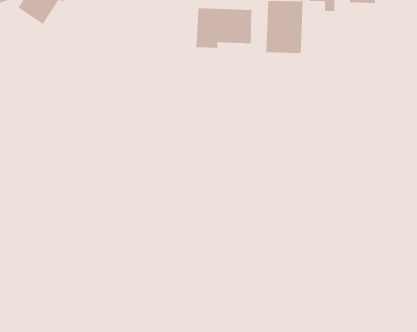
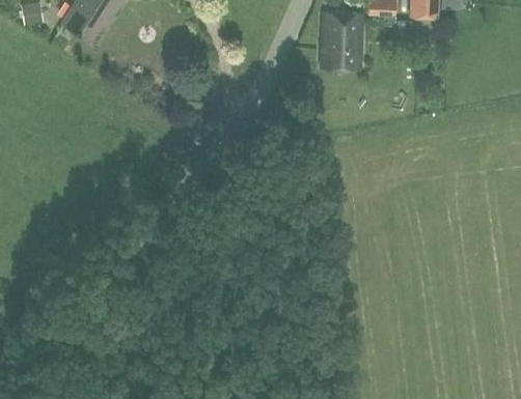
building: [196,7,252,48] -> none

